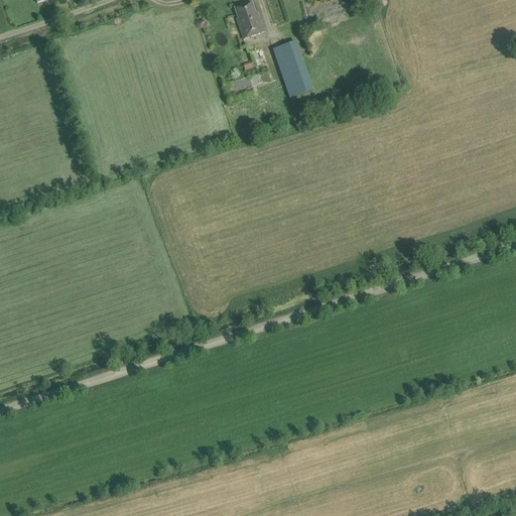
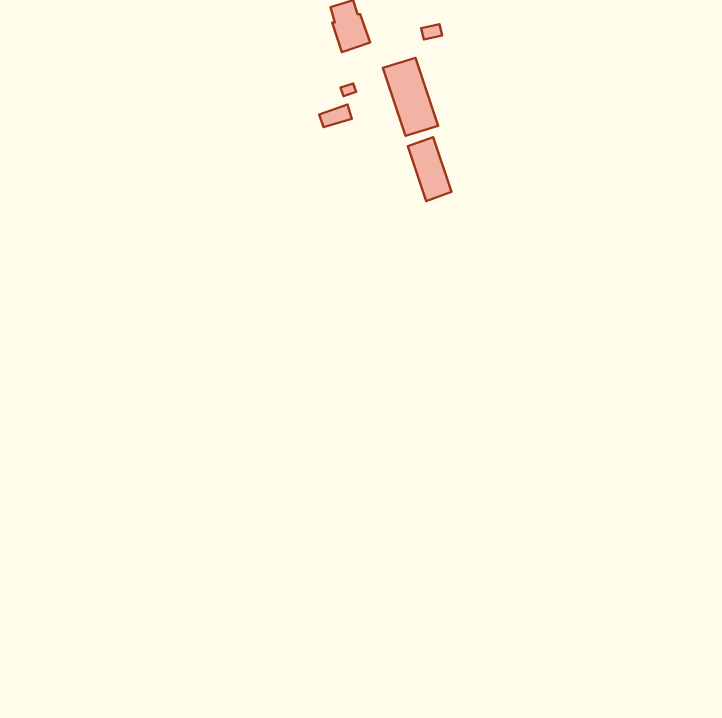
building: none -> [408,137,452,201]

